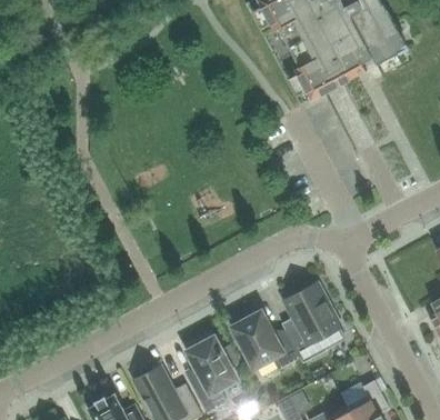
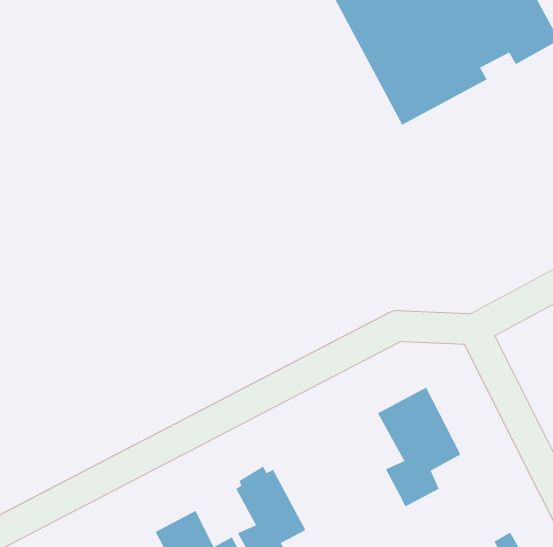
building: [233,311,301,369] -> none

